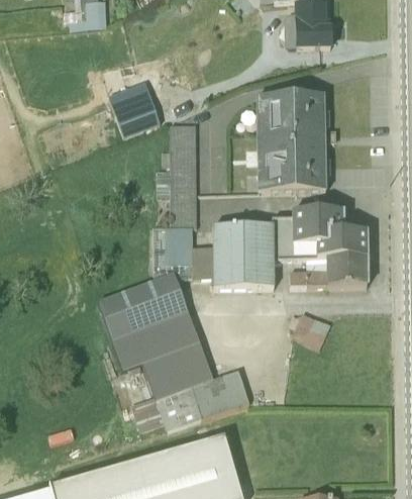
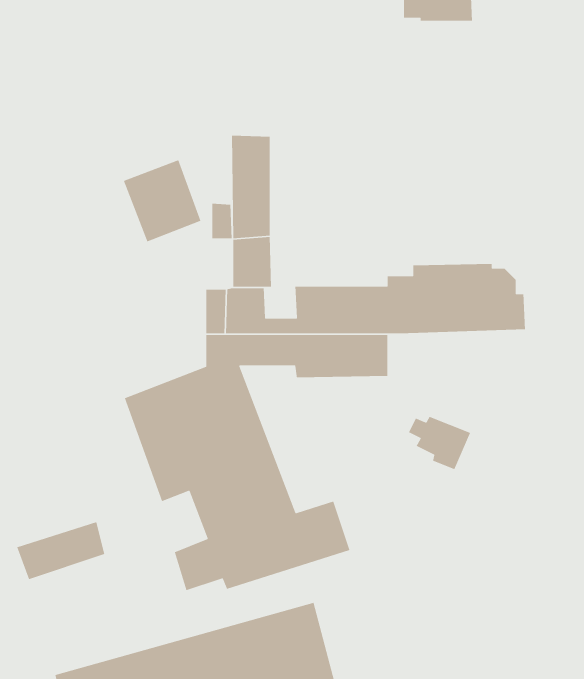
building: [108,81,161,136] -> [123,159,201,242]
building: [255,95,336,192] -> none
building: [289,255,368,286] -> none
building: none -> [16,521,105,580]

